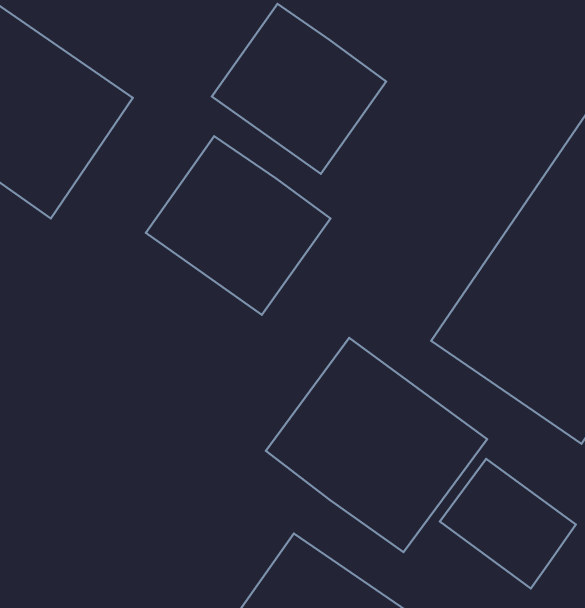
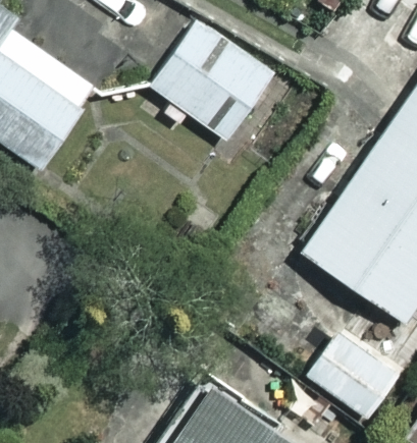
building: [146,136,330,315] -> none
building: [266,338,487,552] -> none

